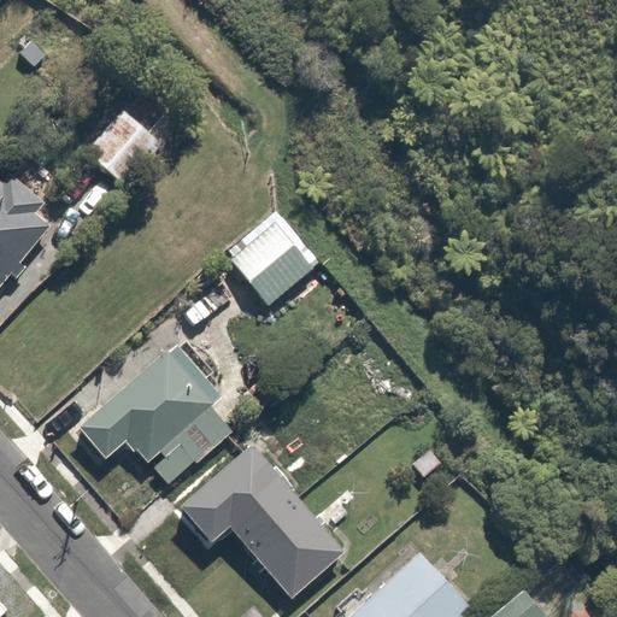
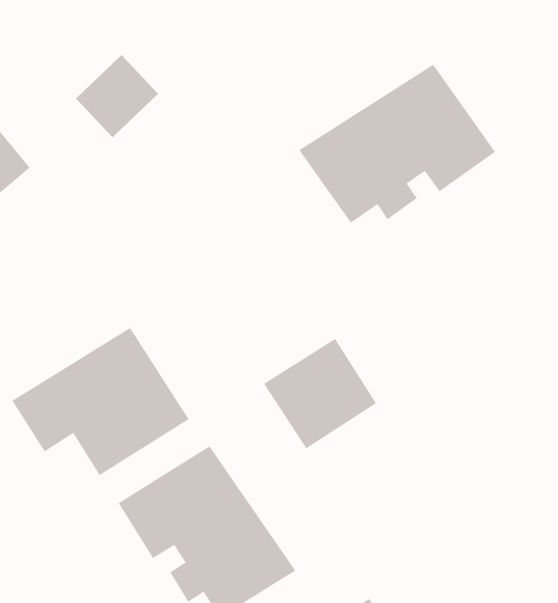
building: none -> [299,64,496,223]
building: [222,208,325,311] -> [263,338,377,449]

